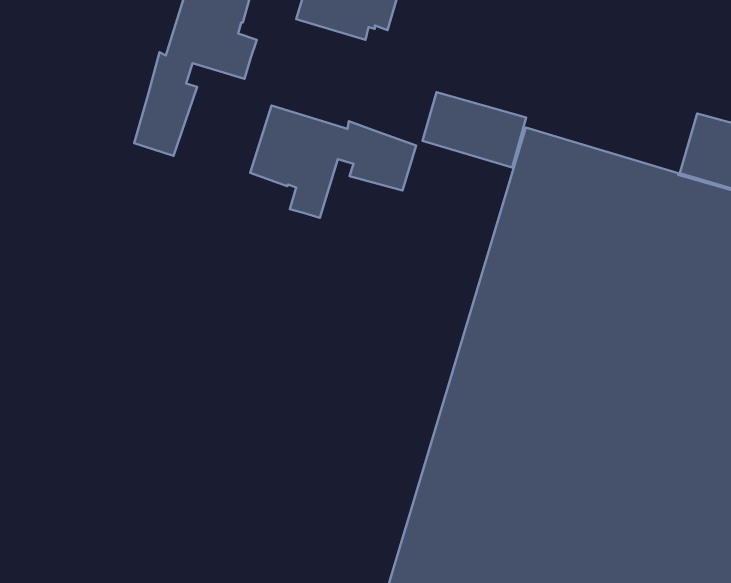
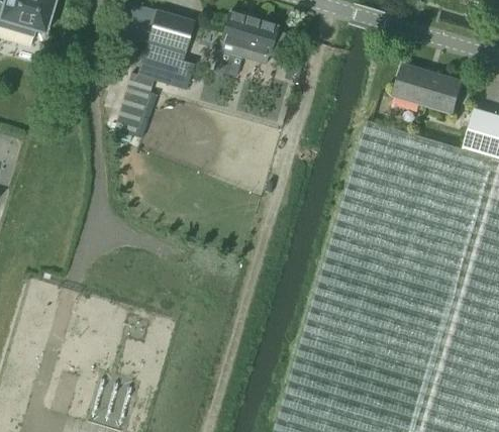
building: [422,92,526,168] -> [396,66,463,114]
building: [250,105,416,218] -> none

